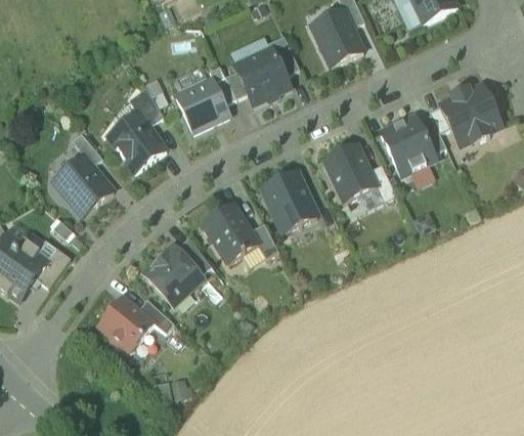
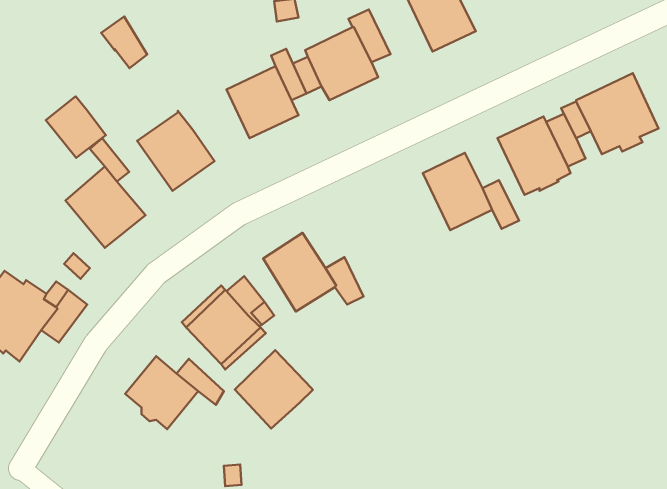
building: [127,86,162,125] -> [101,17,147,68]
building: none -> [46,96,106,158]
building: [261,171,315,230] -> none
building: none -> [235,350,313,428]

